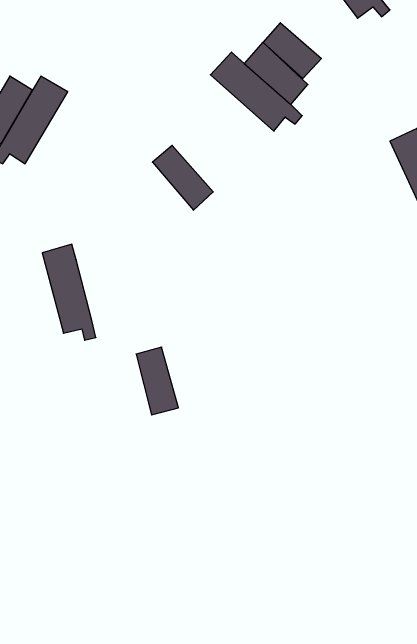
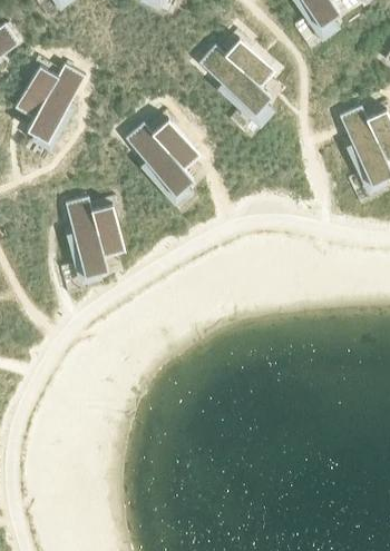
building: [263,23,321,79] -> none
building: none -> [125,124,194,189]
building: [136,347,178,415] -> [92,205,126,258]

